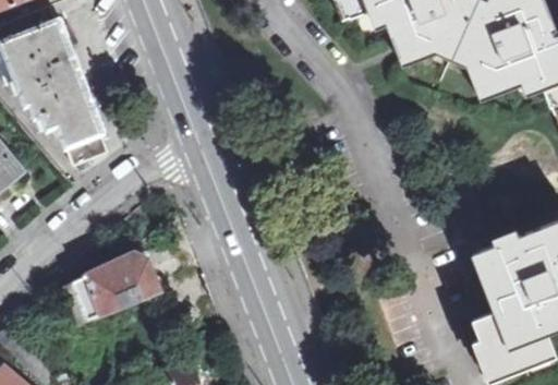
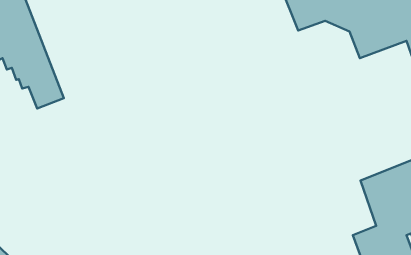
building: [69,251,161,323] -> none

